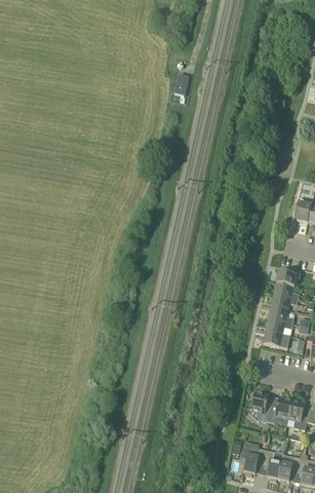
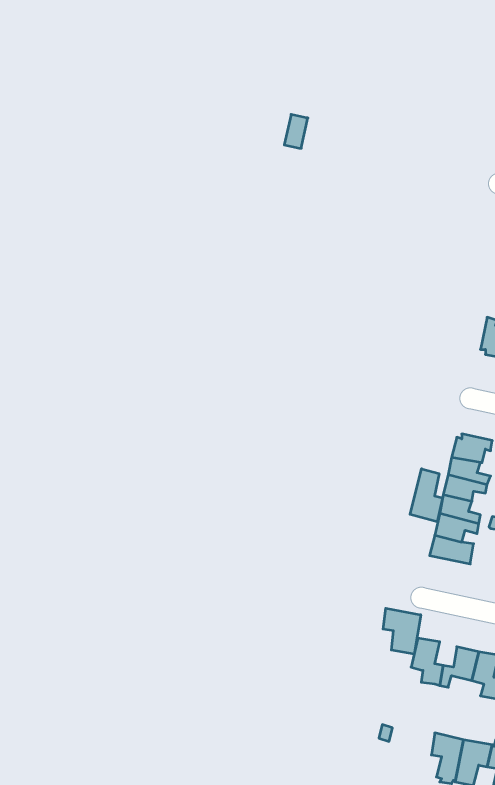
building: none -> [410,469,443,522]
building: none -> [383,608,421,654]
building: [240,447,266,476] -> none

